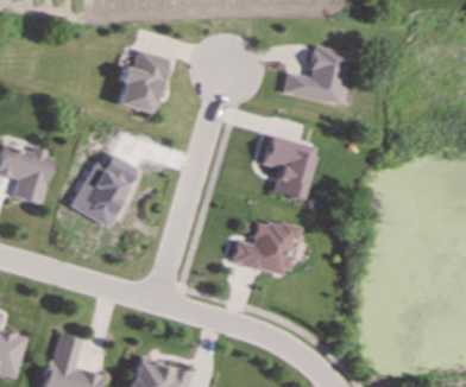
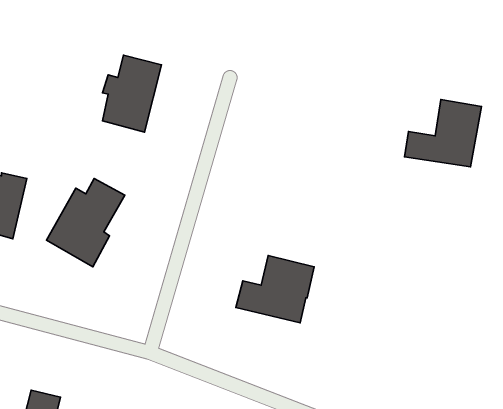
building: [283,45,348,102] -> [404,99,482,167]
building: [264,135,315,198] -> none

